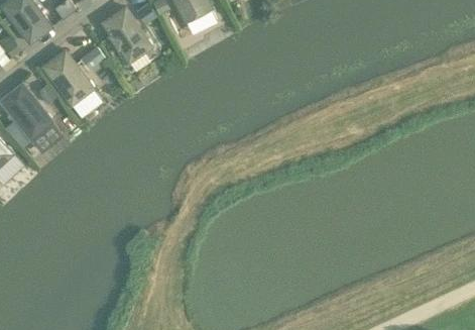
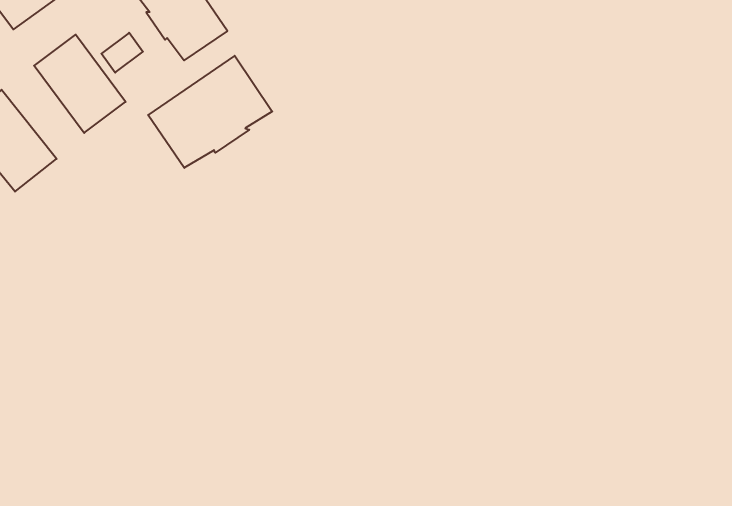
building: none -> [148,56,272,168]

